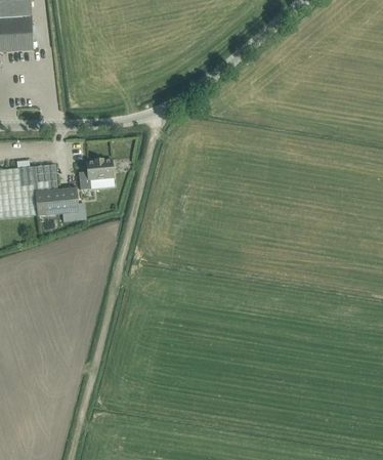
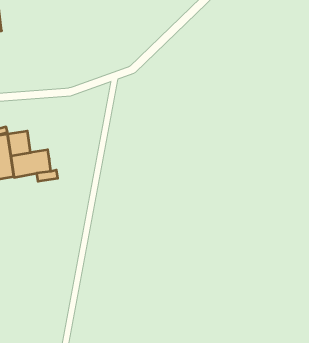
building: [79,158,114,189] -> none

